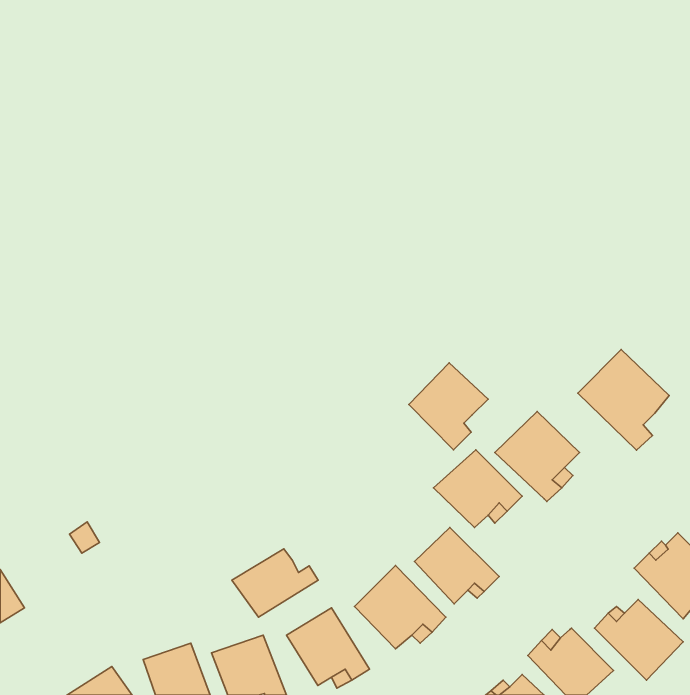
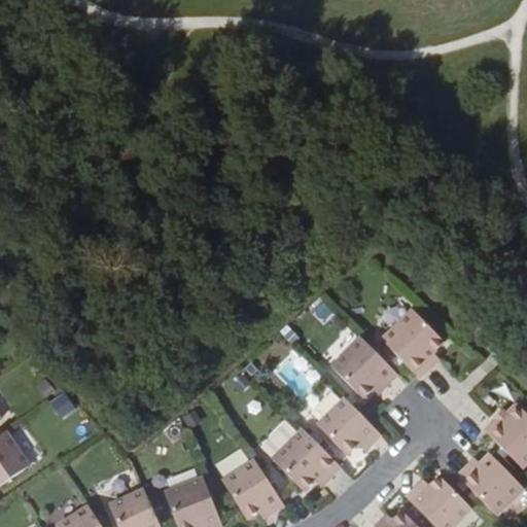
building: [578,350,669,450] -> none
building: [409,363,488,450] -> none
building: [232,549,318,617] -> none

